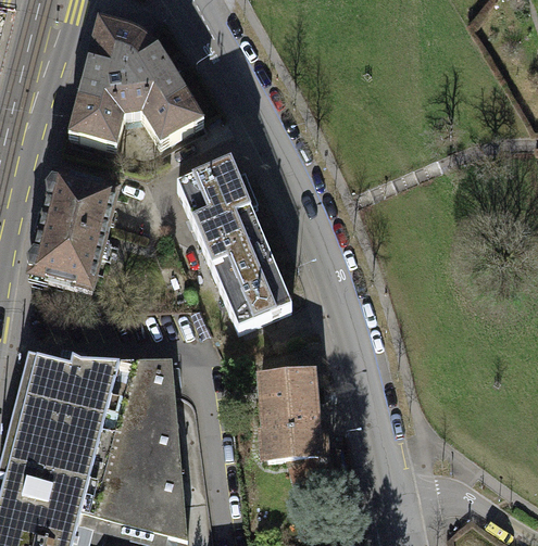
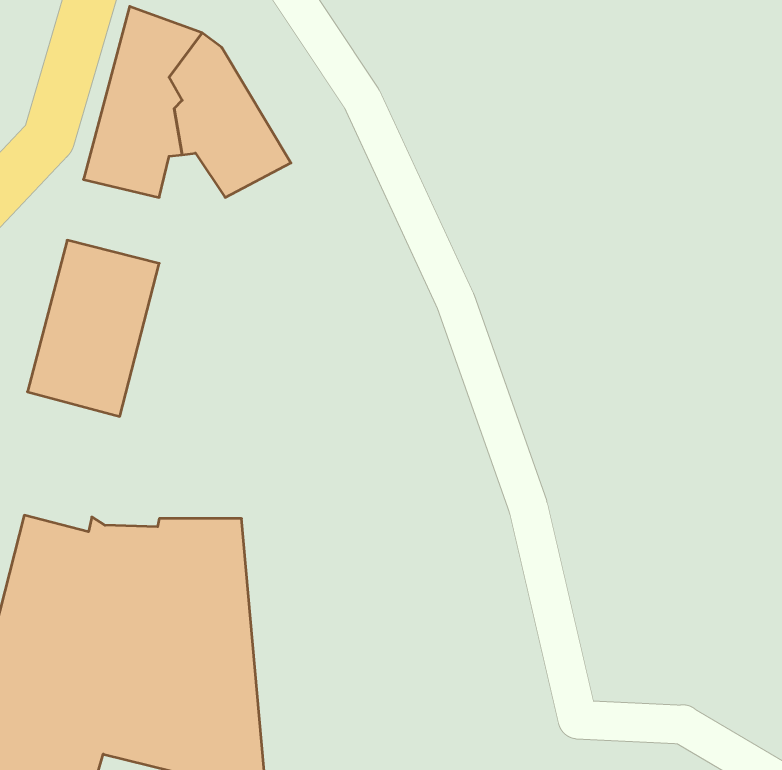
building: [176,160,292,327] -> none
building: [261,368,336,482] -> none

